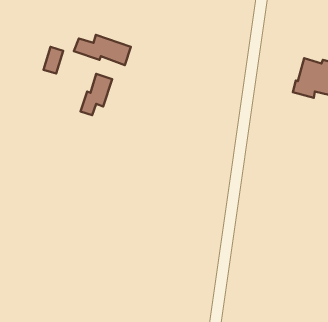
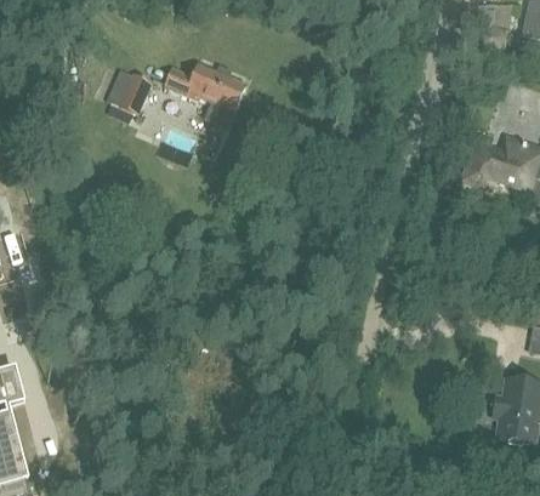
building: [81,74,112,115] -> none

